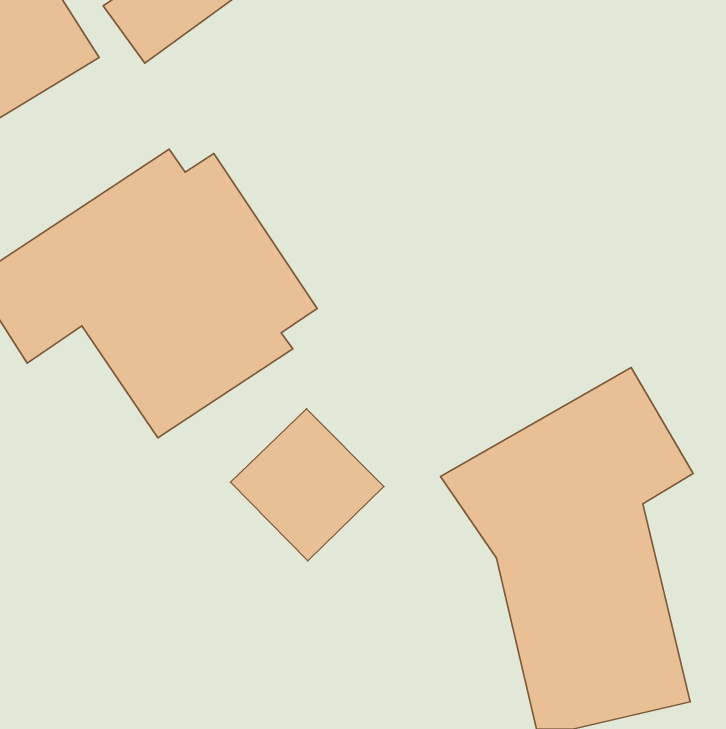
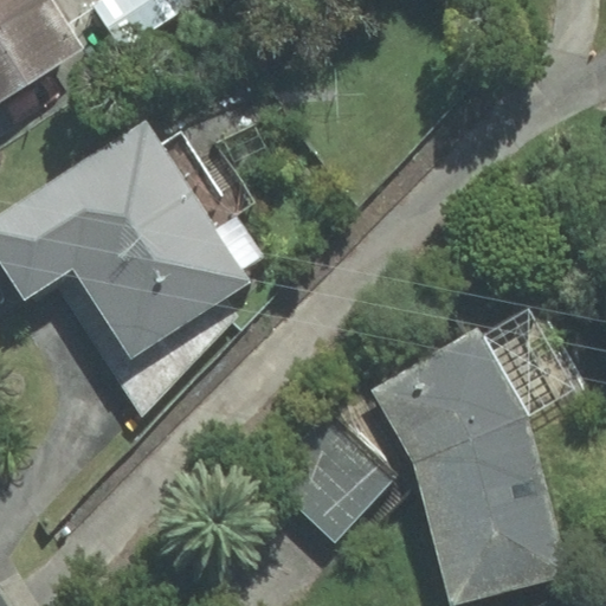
building: [230,409,384,561] -> [264,417,391,542]

